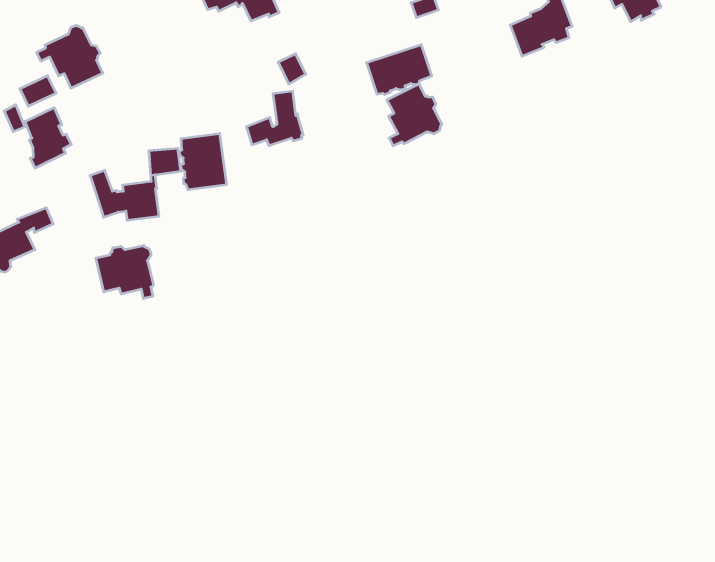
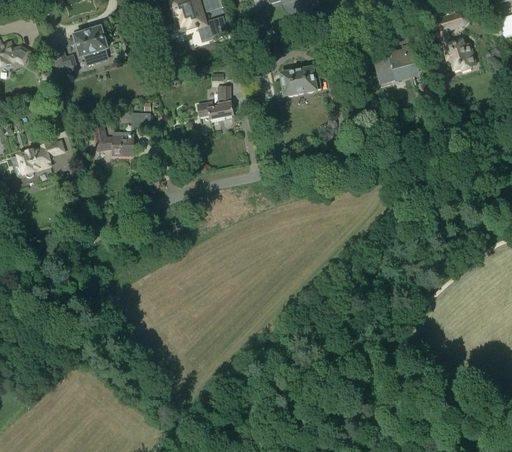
building: [387,84,442,146] -> none
building: [25,108,71,168] -> none
building: [179,133,226,190] -> none
building: [96,245,153,299] -> none

